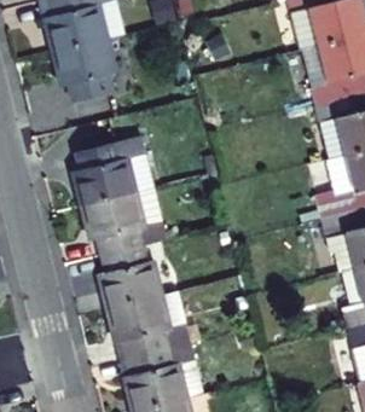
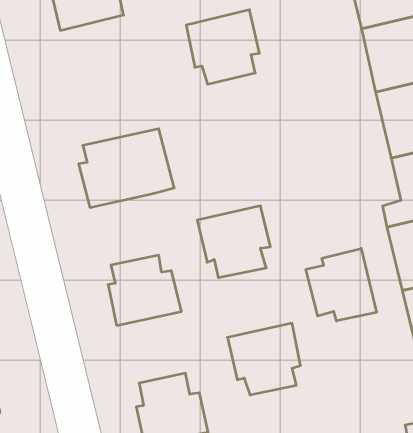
building: [56,41,118,105] -> [186,10,259,84]
building: [81,195,144,256] -> [197,206,270,278]
building: none -> [306,248,376,321]
building: [104,296,167,358] -> [227,323,301,395]

